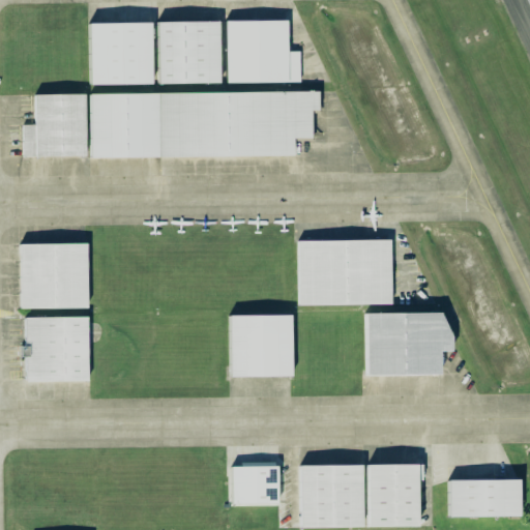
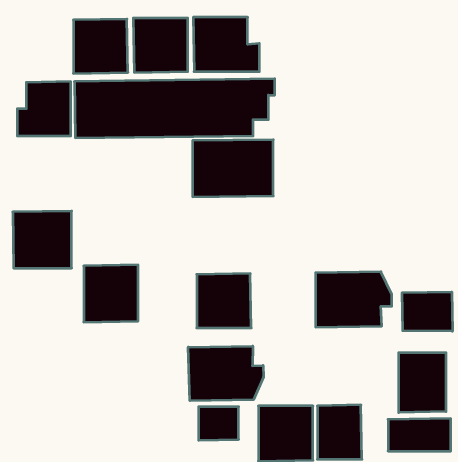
building: [300,239,392,304] -> [193,140,273,197]
building: [27,316,89,381] -> [84,265,138,322]
building: none -> [402,292,452,331]
building: none -> [188,346,263,401]
building: none -> [399,353,446,413]

